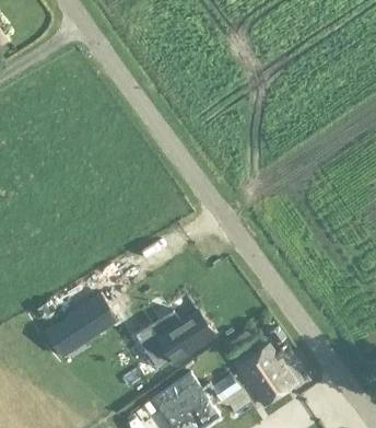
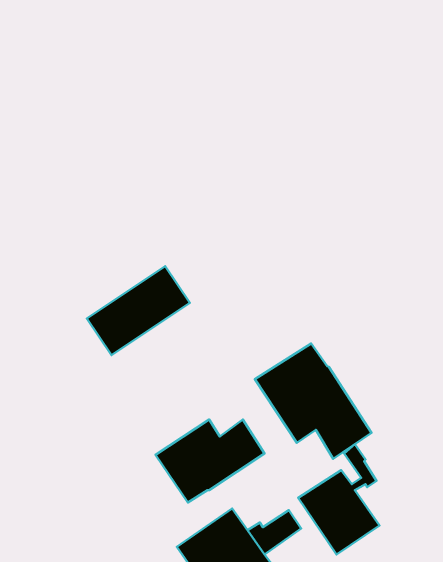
building: none -> [255,343,371,459]
building: [45,292,118,356] -> [87,266,190,355]

